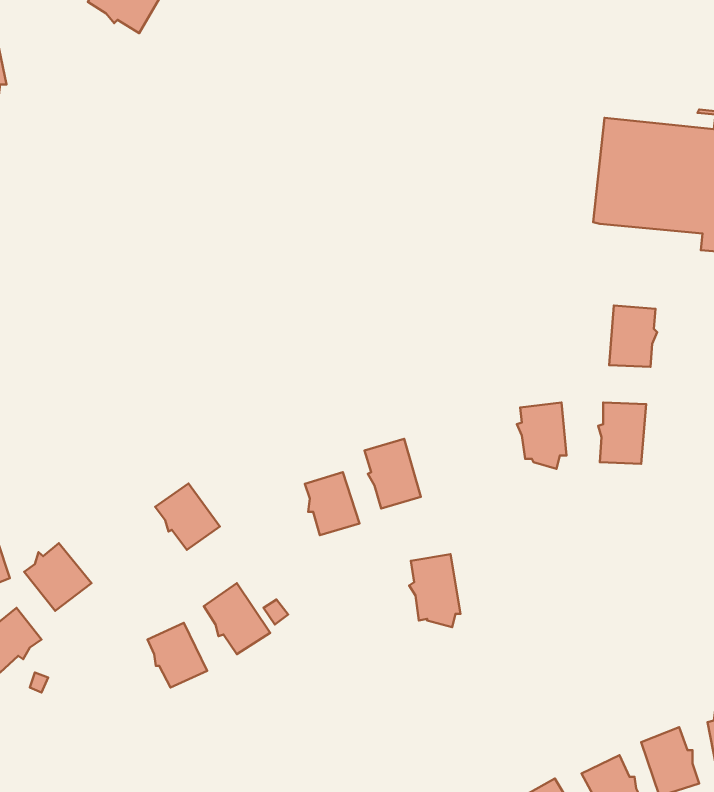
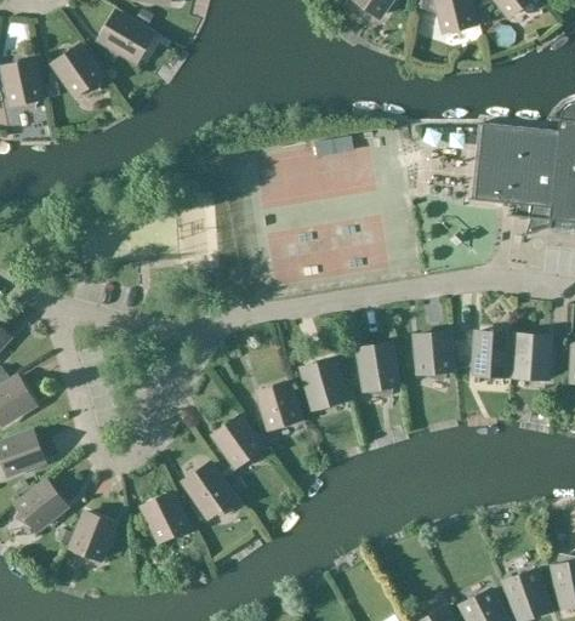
building: none -> [53,47,101,96]
building: [609,306,657,367] -> [514,335,550,380]
building: [155,484,220,550] -> [214,417,261,466]
building: [24,543,92,611] -> none
building: [409,554,460,627] -> [358,343,395,397]
building: none -> [72,513,113,559]

